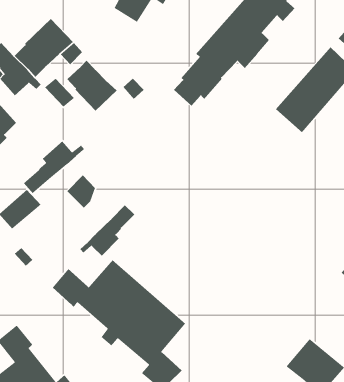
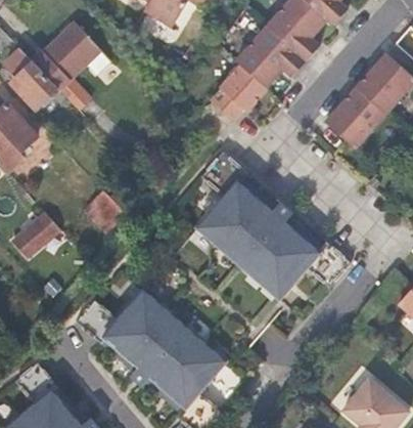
building: [67,60,117,112] -> none
building: none -> [195,152,350,300]
building: [23,140,85,194] -> none
building: [80,205,135,257] -> none

